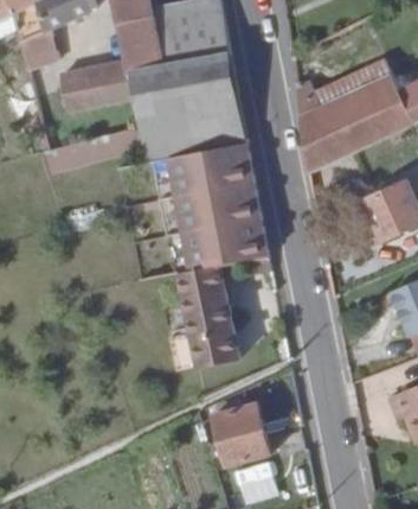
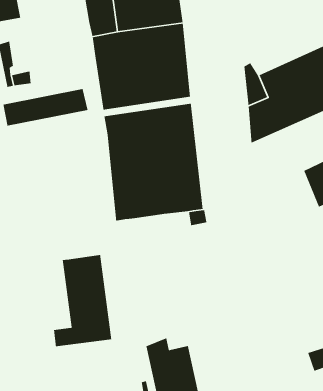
building: [60,59,135,113] -> none
building: [174,261,238,364] -> [53,254,112,347]

